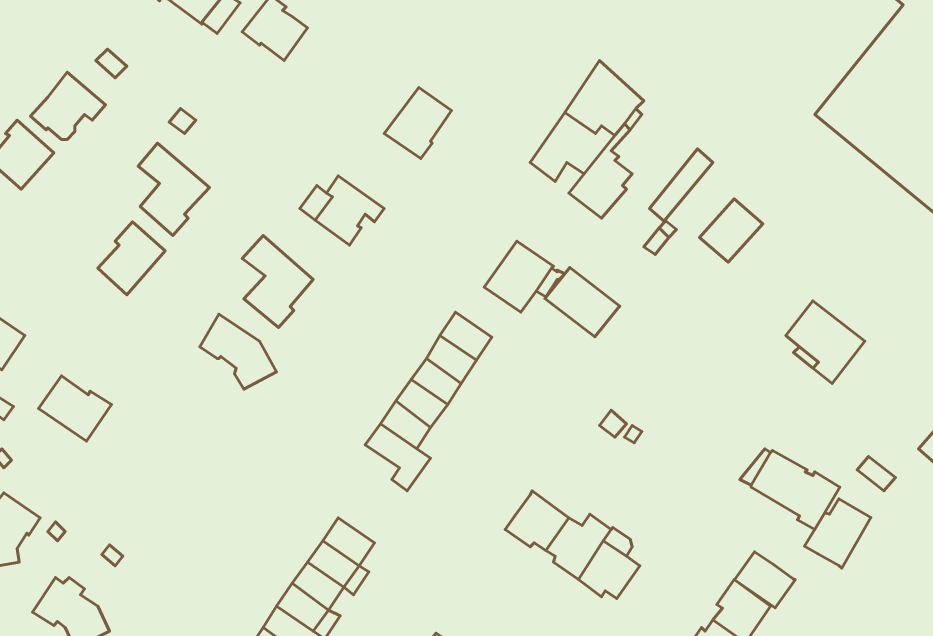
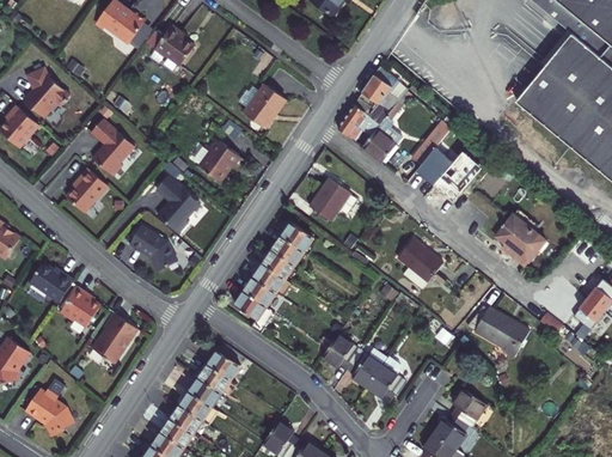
building: [545,268,620,337] -> [396,239,442,282]
building: none -> [61,286,102,327]
building: none -> [91,318,137,367]
building: [805,499,871,568] -> none
building: [734,552,795,608] -> none

